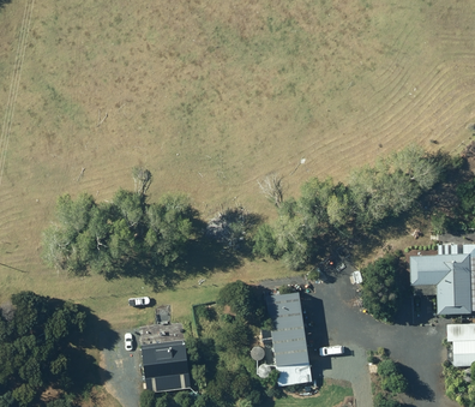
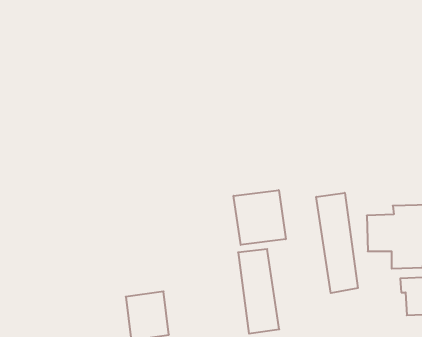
building: none -> [234,190,286,245]
building: none -> [316,193,358,293]

